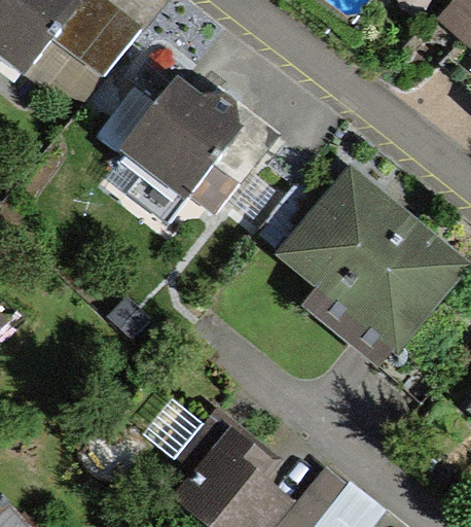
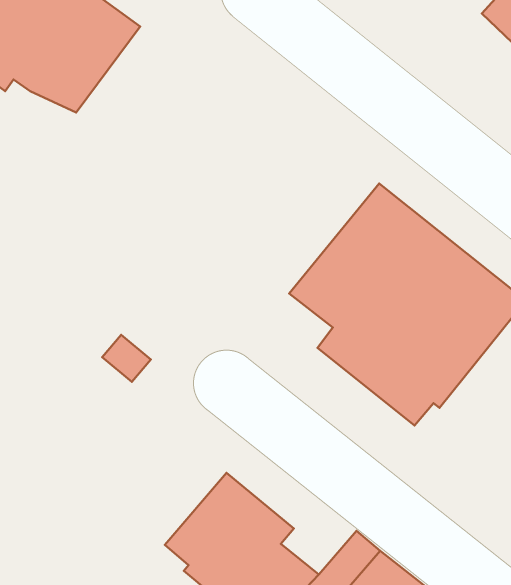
building: [119,81,275,217] -> none

